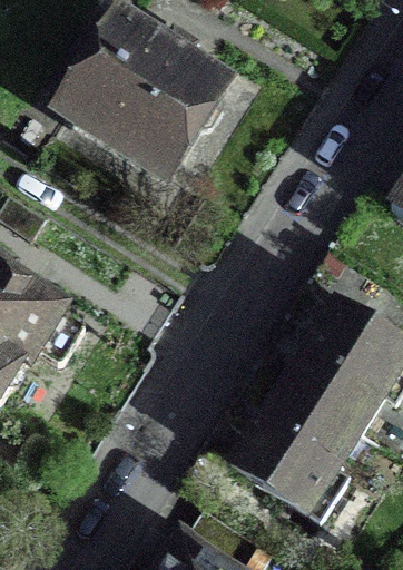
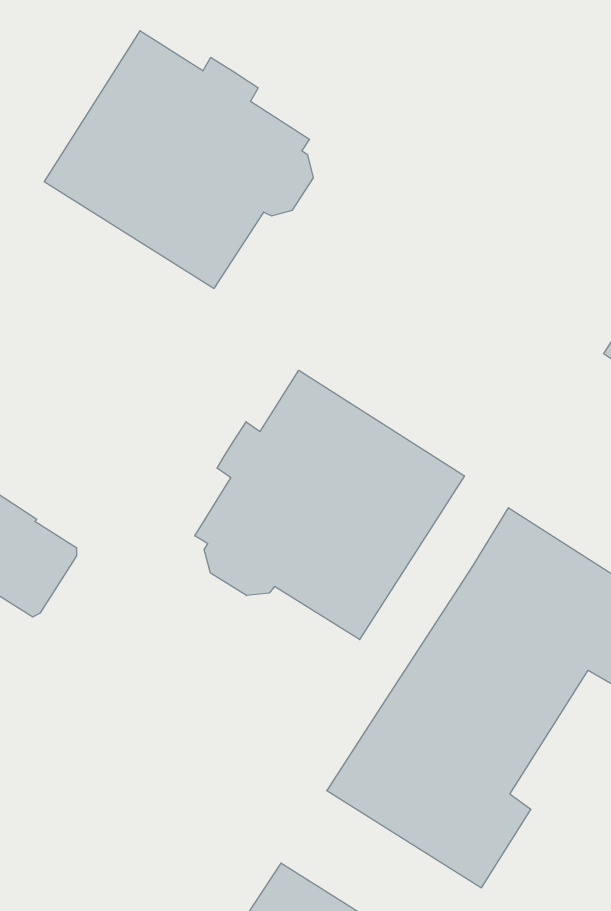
building: none -> [195,370,464,640]

